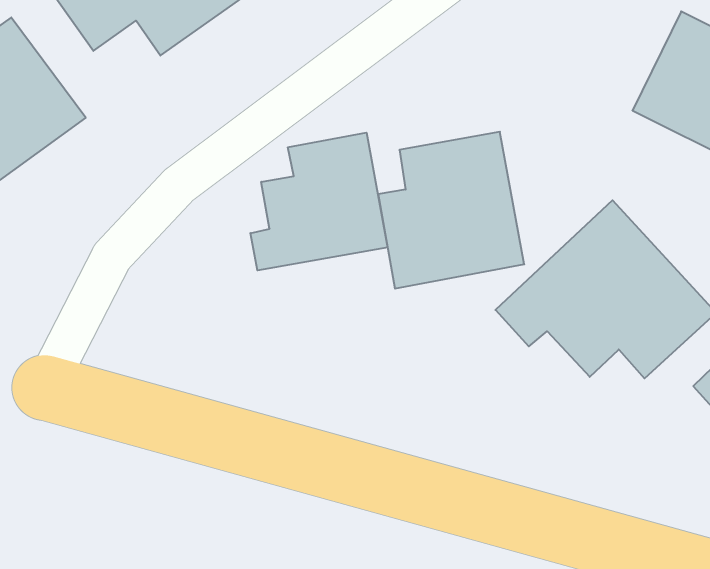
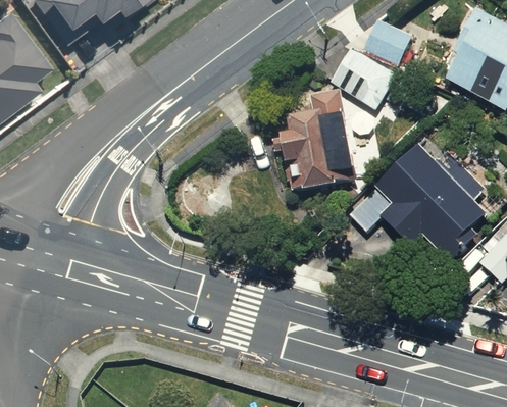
building: none -> [324,9,416,108]
building: [250,133,388,270] -> none

